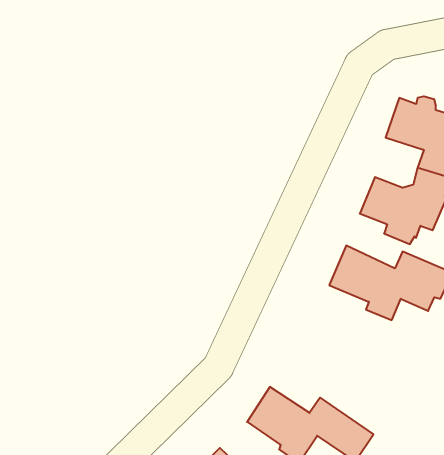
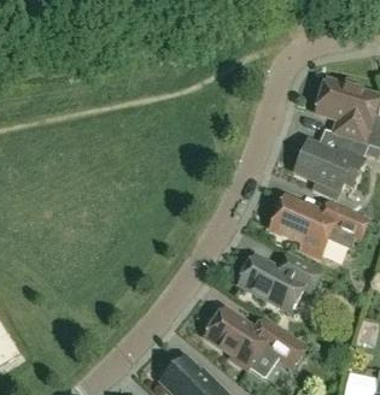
building: none -> [240,253,321,309]

